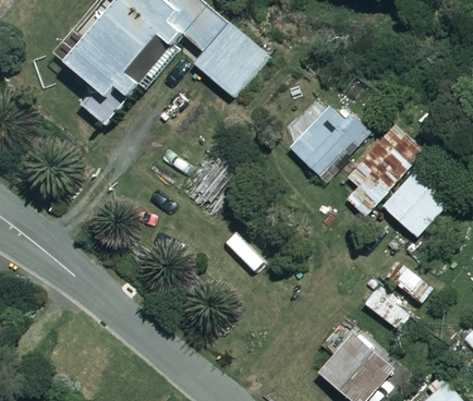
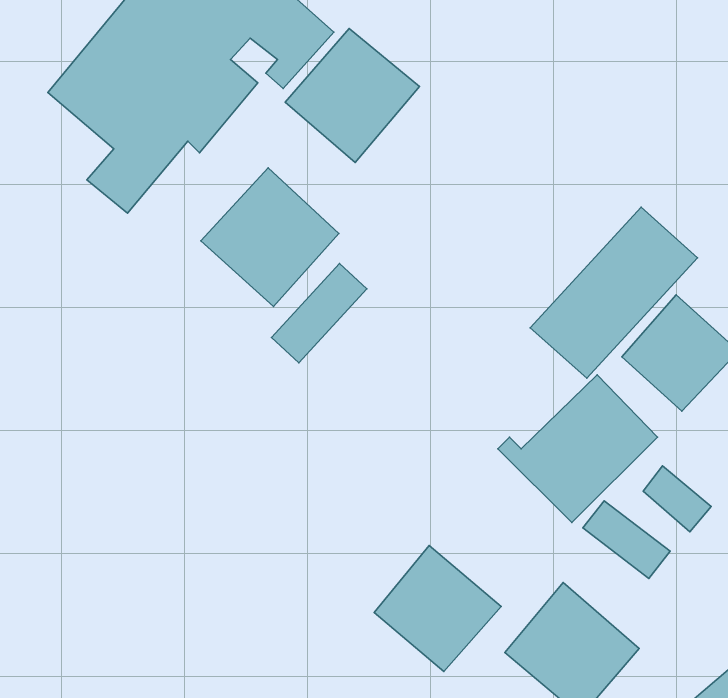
building: [281,98,371,181] -> [498,375,657,523]
building: none -> [201,168,339,306]
building: none -> [374,546,501,672]

